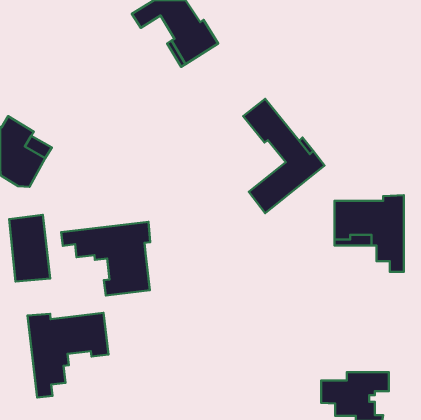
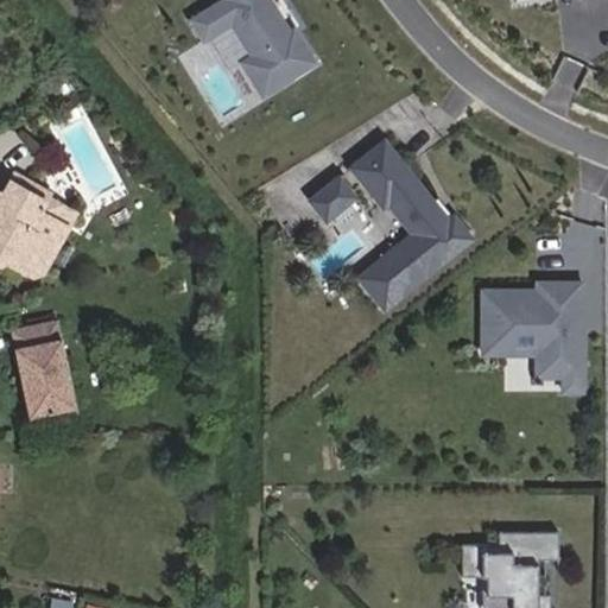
building: none -> [308,172,359,221]
building: [61,222,150,295] -> none
building: [28,313,108,398] -> none

